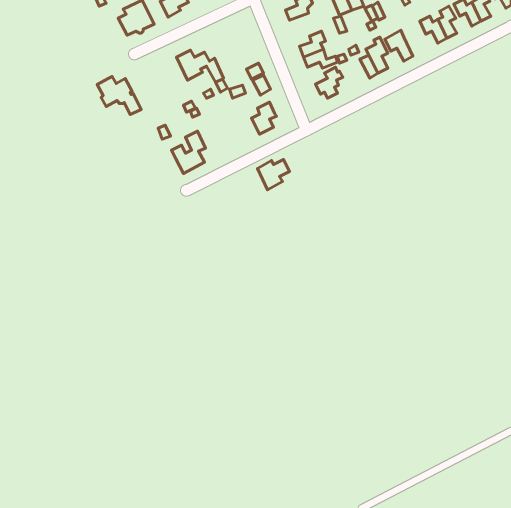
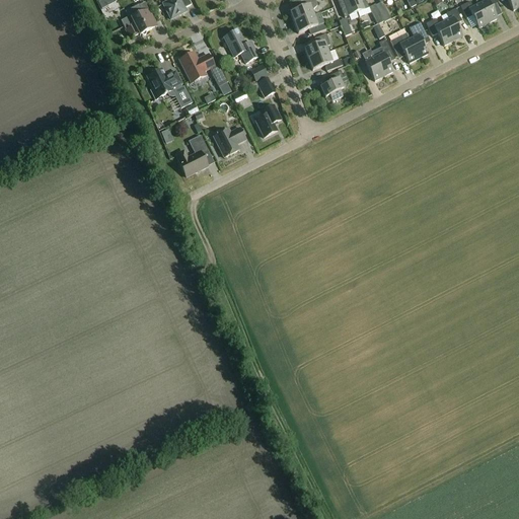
building: none -> [293,13,325,32]
building: none -> [407,20,427,57]
building: none -> [224,28,257,62]
building: [97,76,141,114] -> [146,67,191,105]
building: [258,160,290,190] -> [213,126,245,156]

